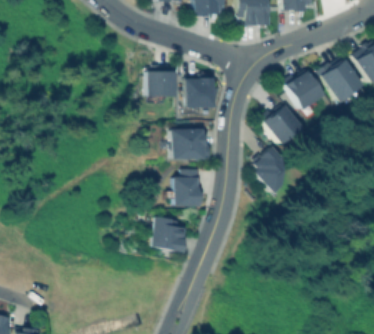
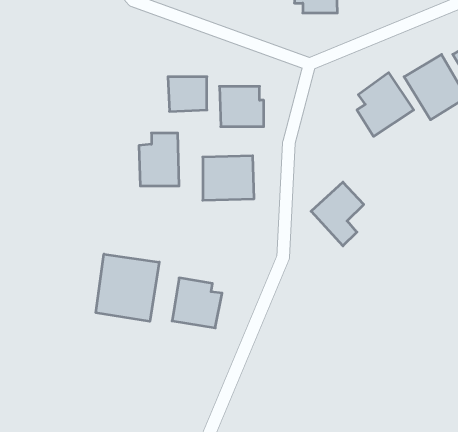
building: [262,105,302,145] -> none
building: [174,169,203,207] -> [139,133,179,186]
building: none -> [96,254,159,321]

